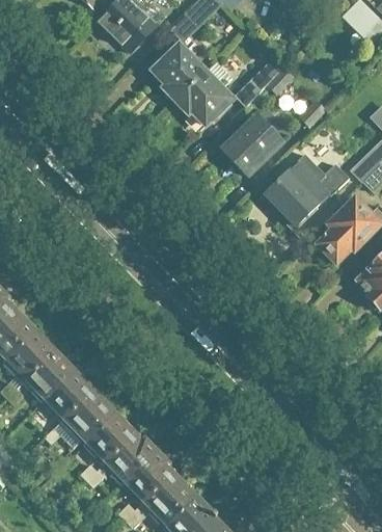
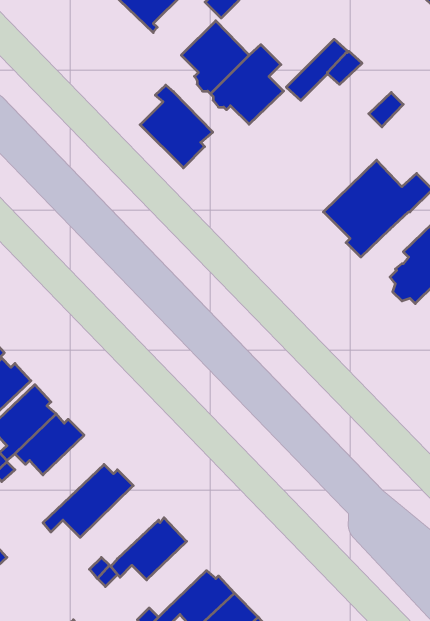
building: none -> [140,85,213,168]
building: [222,114,281,174] -> none
building: [29,367,92,446] -> none
building: [84,410,135,463] -> none
building: [126,450,173,503] -> none

